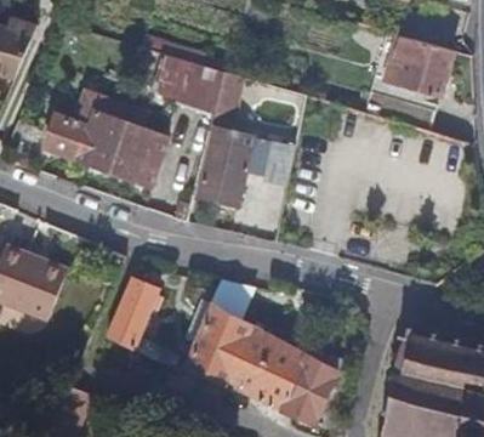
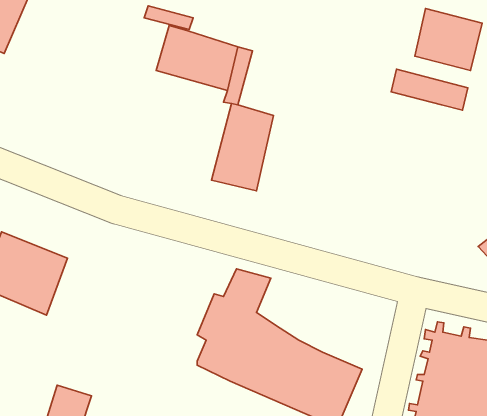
building: [41,95,167,186] -> none
building: [250,137,297,185] -> none
building: [108,278,182,369] -> none

